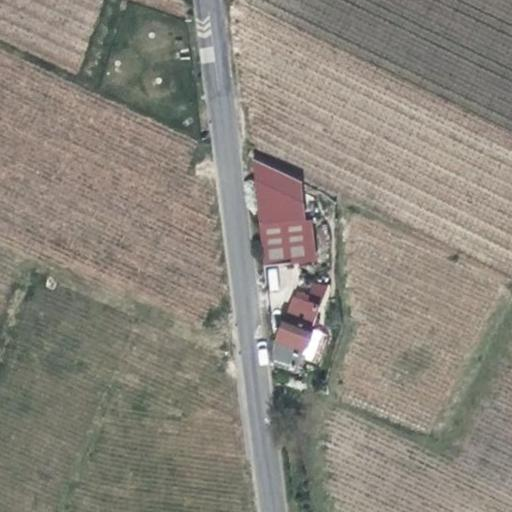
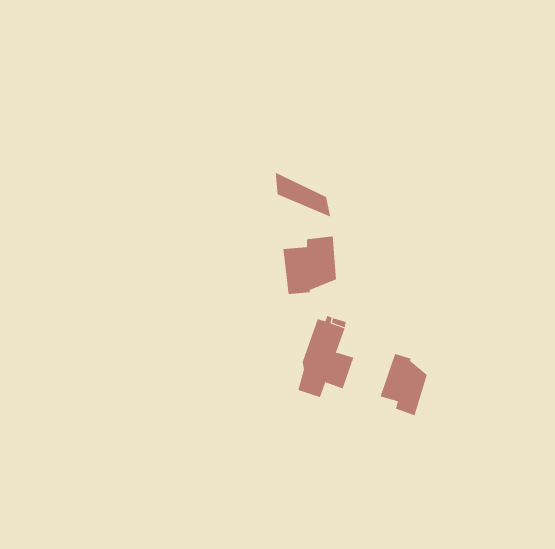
building: [255,179,307,229] -> none
building: none -> [380,353,428,416]

